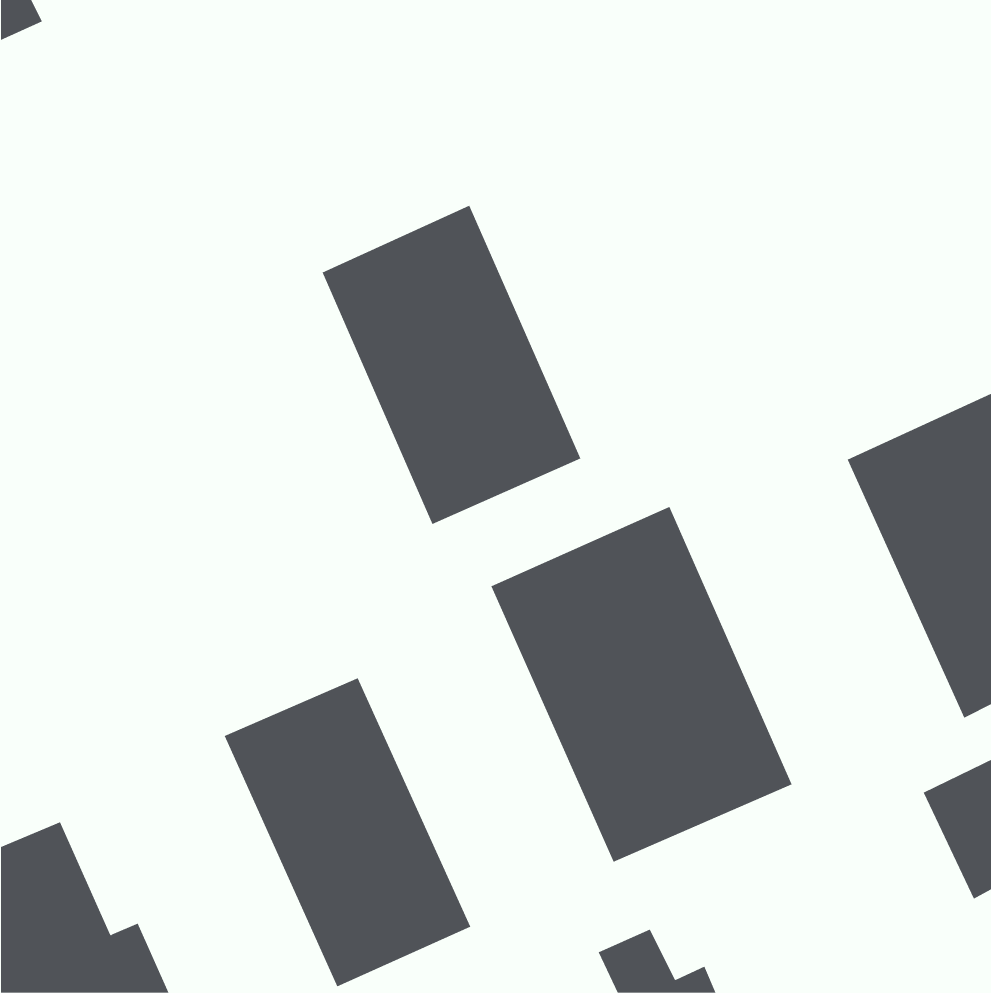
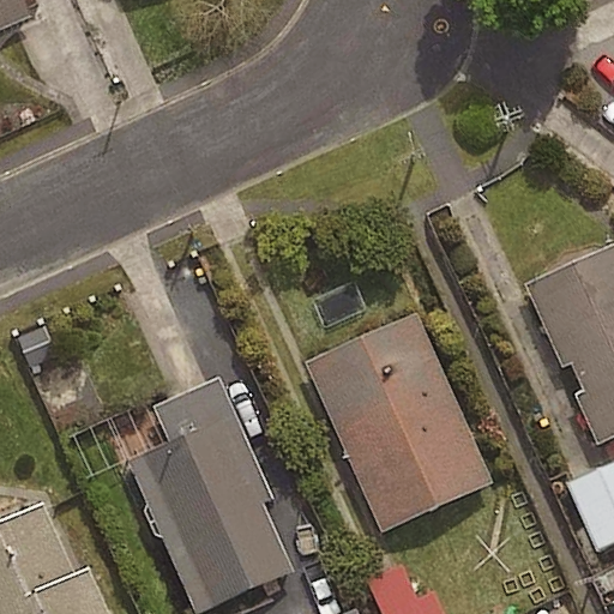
building: [322,205,581,525] -> none

